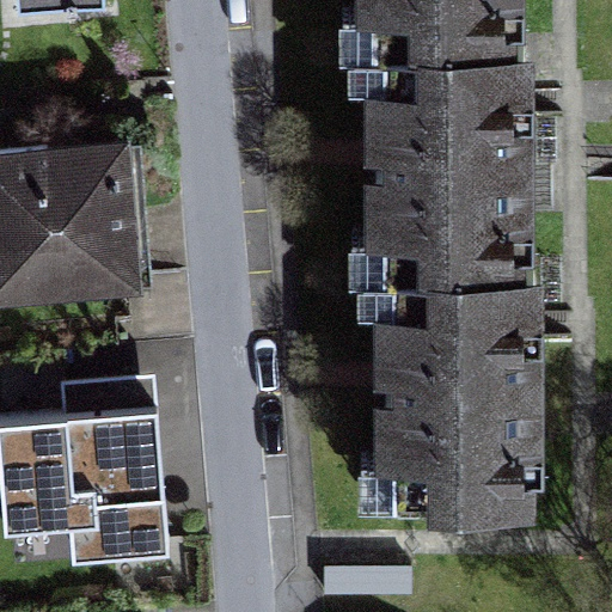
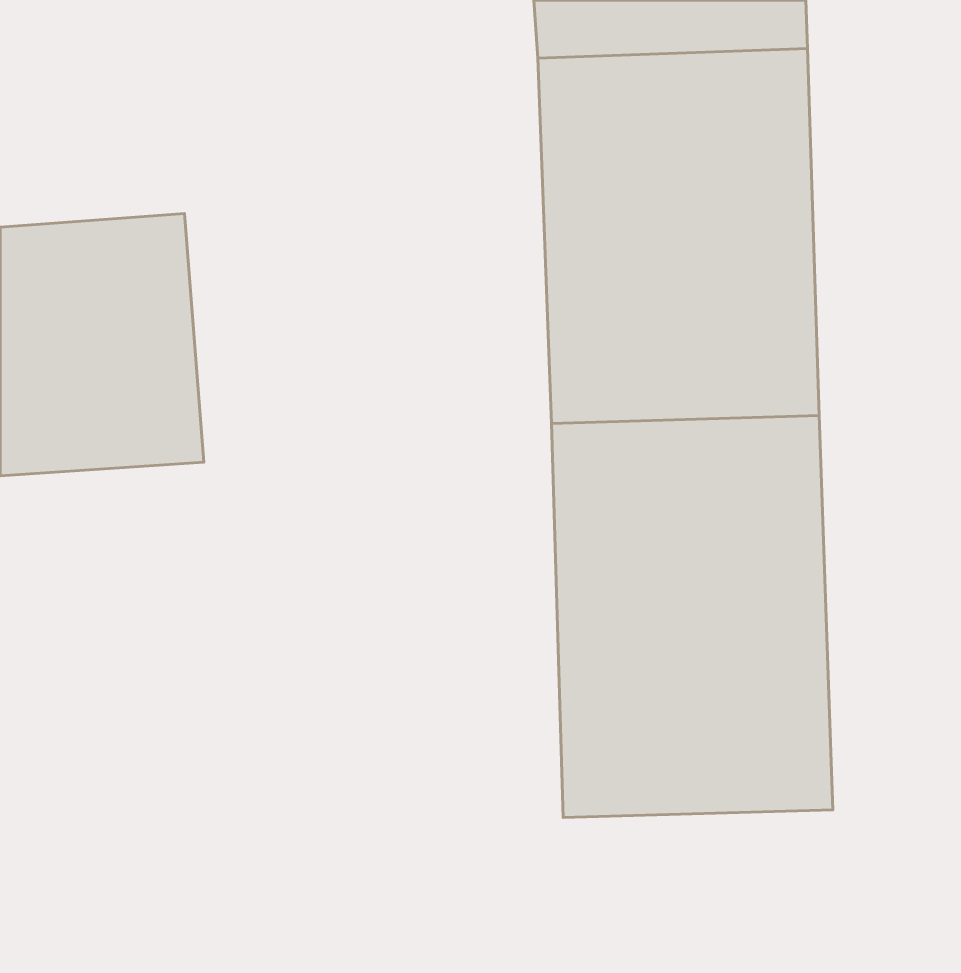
building: [30,410,159,541] -> none

